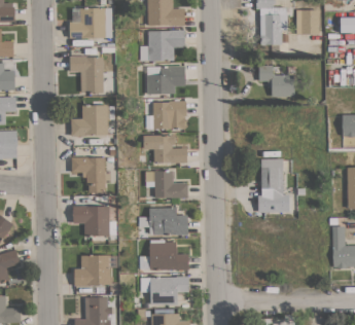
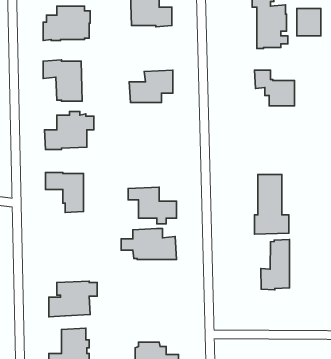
building: [141,29,184,61] -> none
building: [152,101,186,130] -> none
building: [143,135,187,162] -> none
building: [72,206,116,236] -> none
building: none -> [261,239,290,290]
building: [139,240,188,269] -> none
building: [141,276,188,304] -> none

